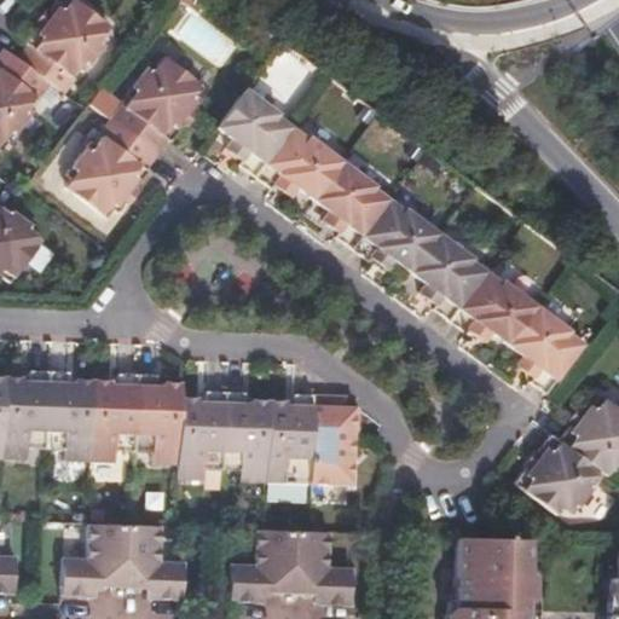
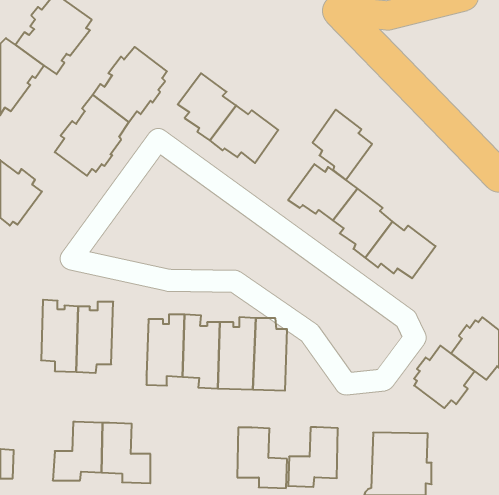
building: [316,161,389,248] -> [313,110,372,180]
building: [510,305,579,388] -> none
building: [6,371,53,458] -> none
building: [138,374,185,464] -> none
building: [233,528,295,602] -> [288,427,338,487]

